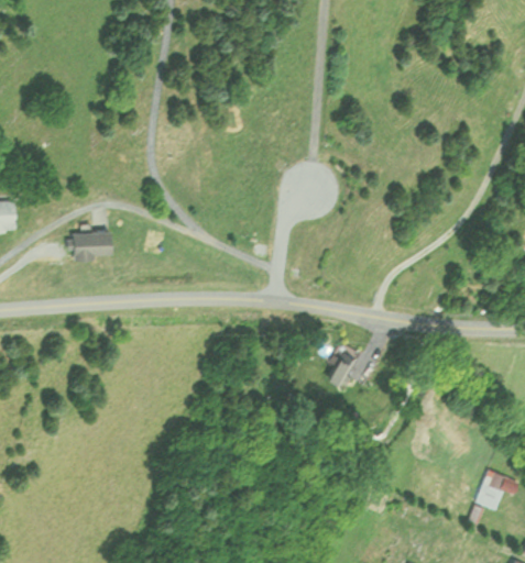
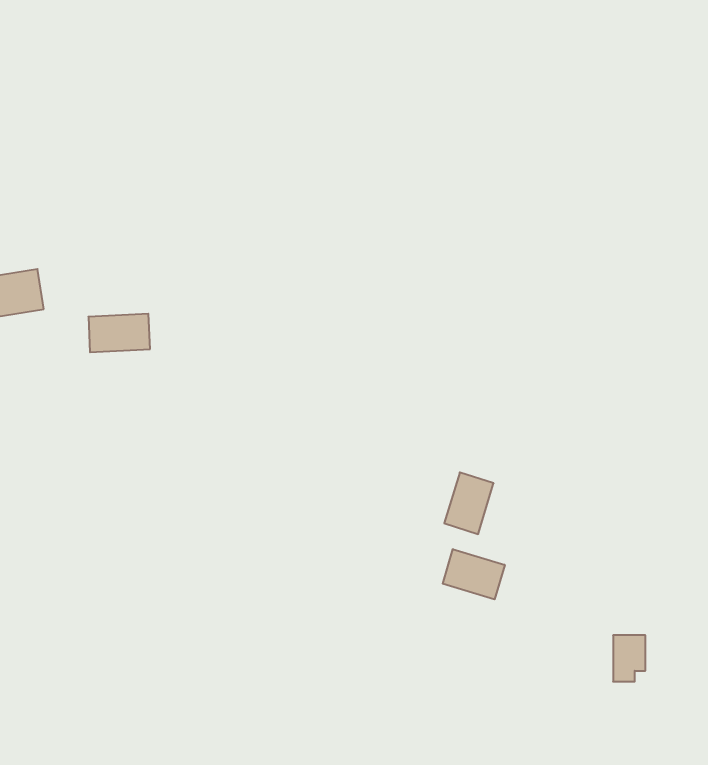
building: none -> [443,549,505,599]
building: [482,473,505,506] -> [613,635,645,682]

